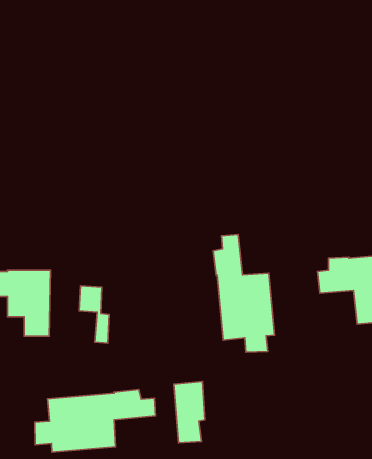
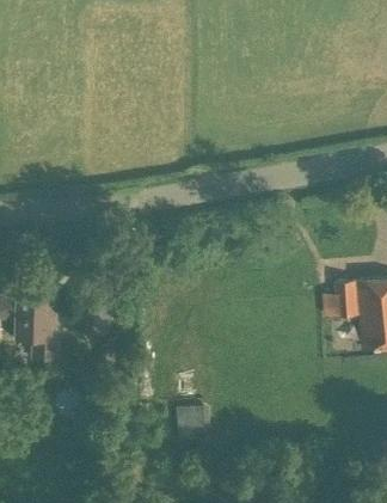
building: [213,235,275,352] -> none
building: [35,390,155,452] -> none

